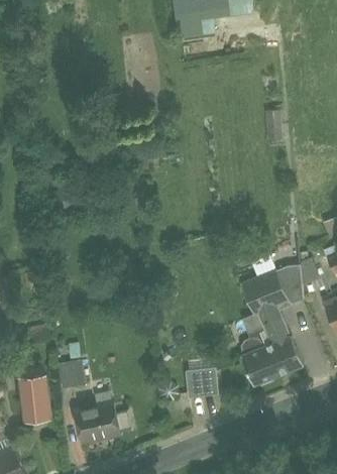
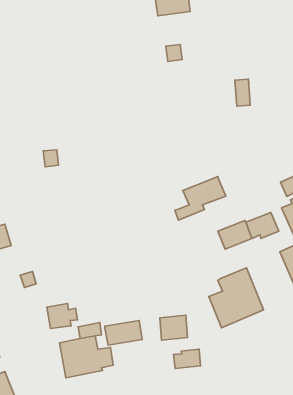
building: [247,282,305,332] -> [175,176,226,220]
building: none -> [105,320,142,345]
building: [17,380,46,424] -> none
building: none -> [173,349,200,369]

